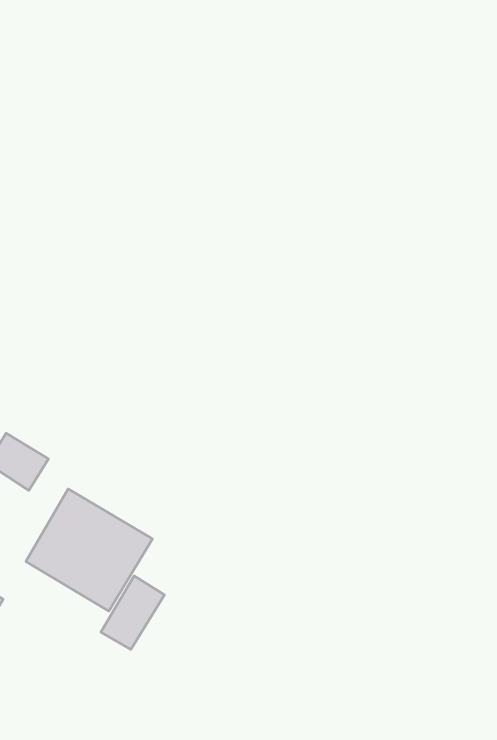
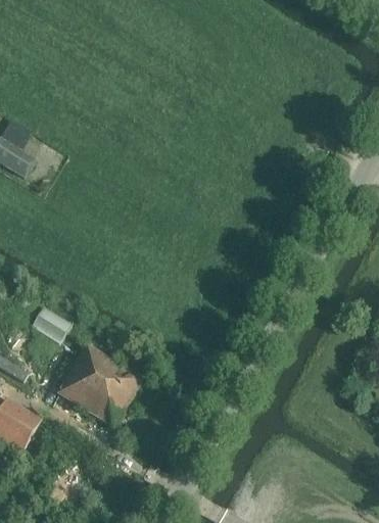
building: [101,576,165,650] -> none

